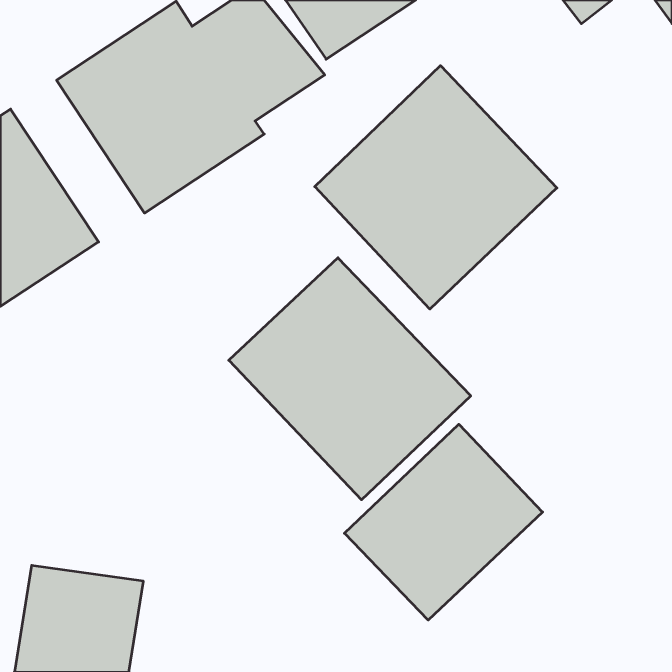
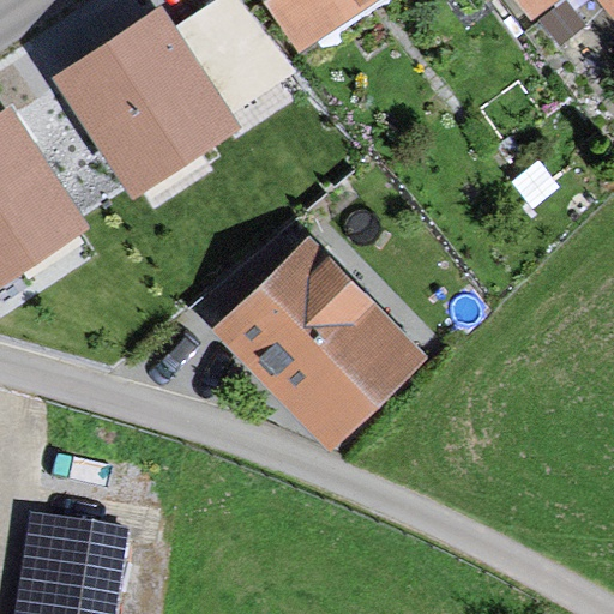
building: [315,66,557,309] -> none
building: [344,424,543,620] -> none

